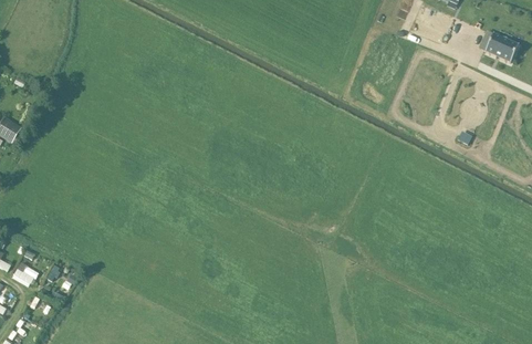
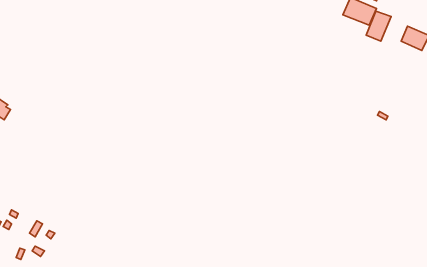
building: none -> [366,11,391,41]

